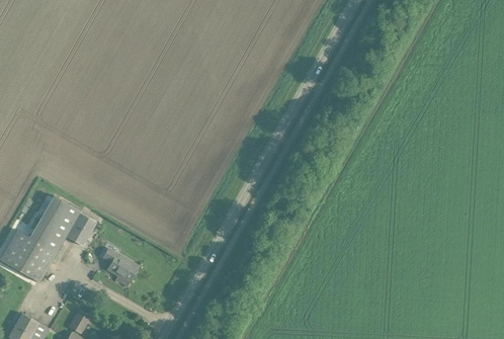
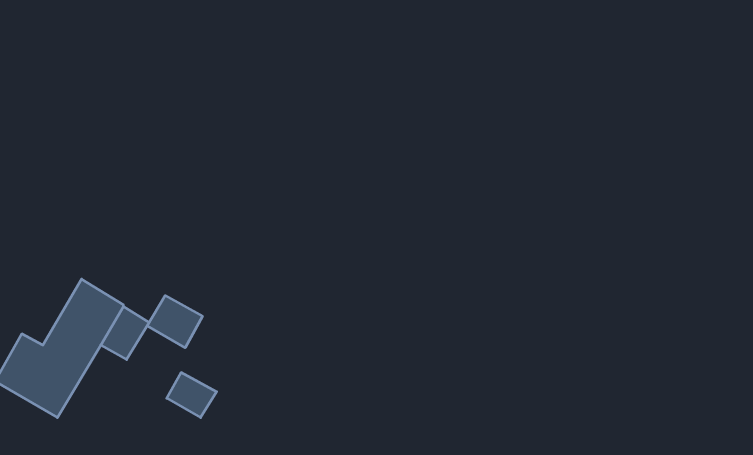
building: none -> [147,296,202,348]

